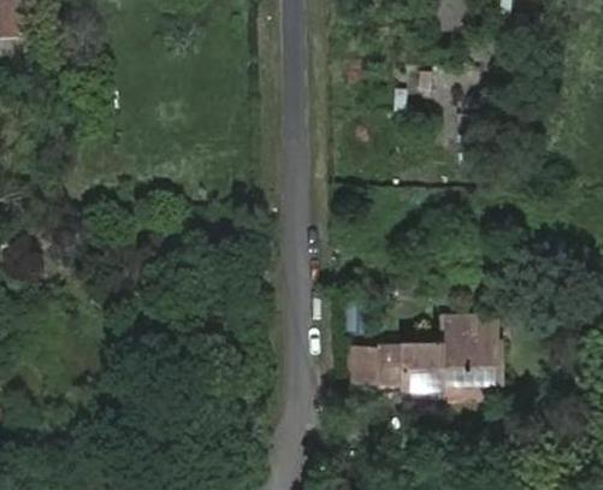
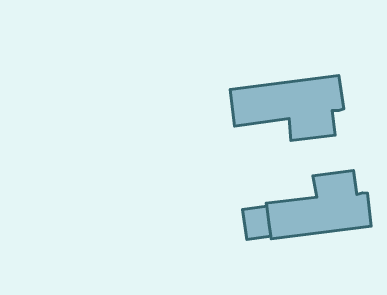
building: none -> [230,76,344,140]

